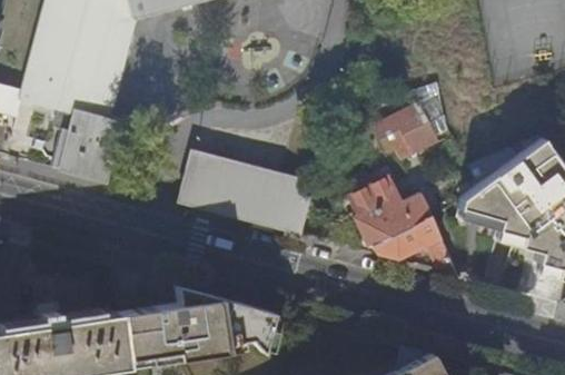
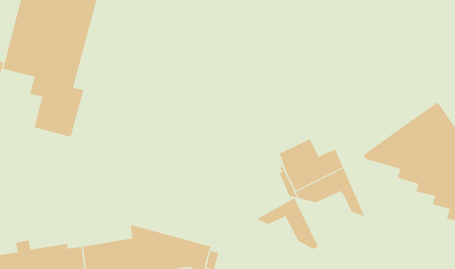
building: [378,86,450,161] -> none
building: [179,154,315,235] -> none
building: none -> [256,197,319,250]

